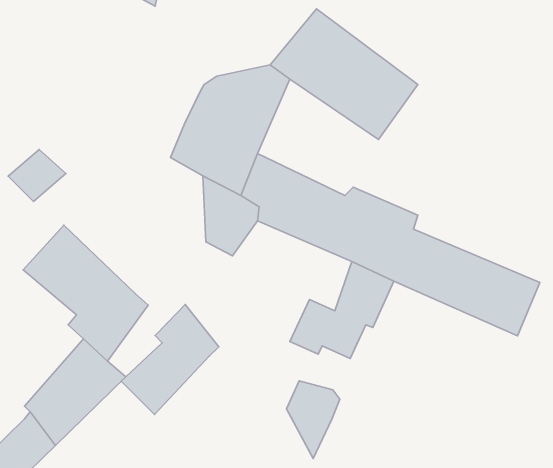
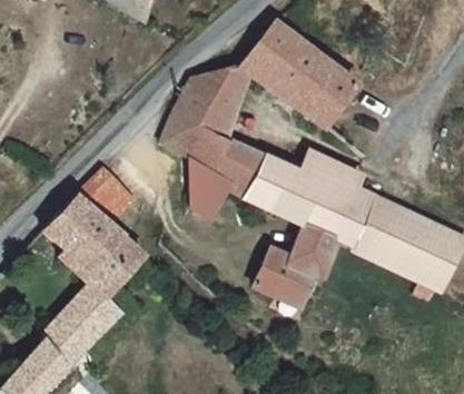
building: [8,150,66,201] -> [83,166,129,207]
building: [121,305,219,414] -> none
building: [286,381,340,458] -> none

